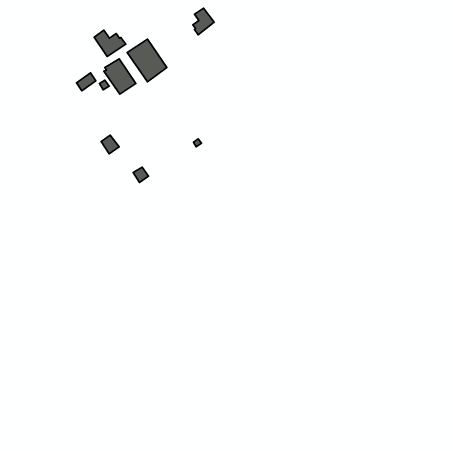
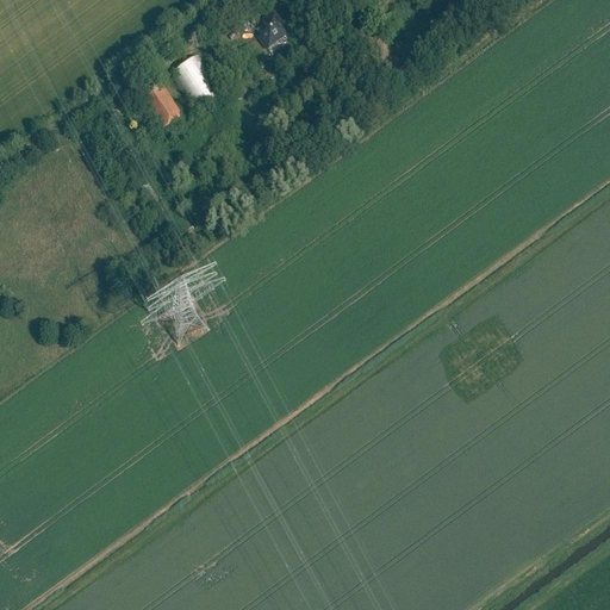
building: [94,30,126,56] -> none

